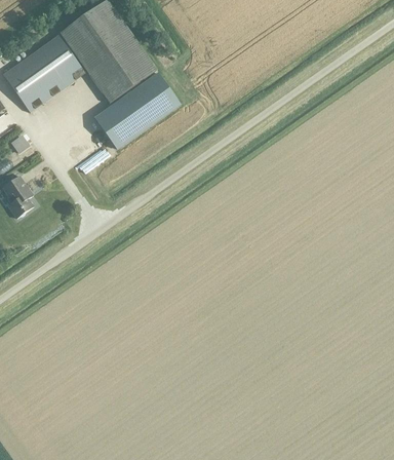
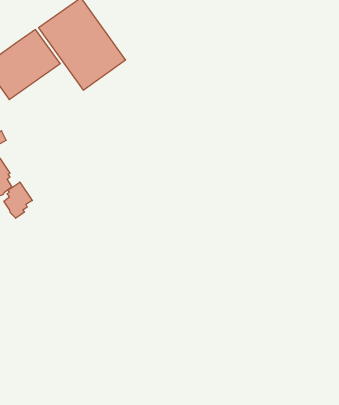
building: [94,72,180,148] -> none
building: none -> [4,182,32,218]

